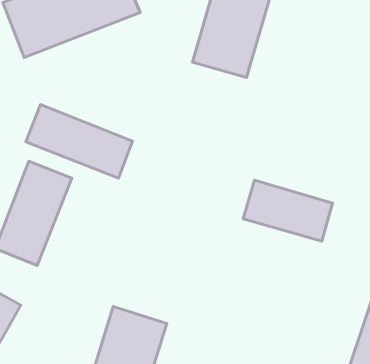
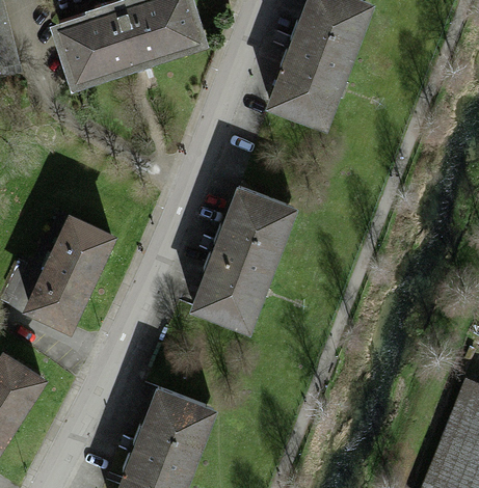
building: [26,104,133,178] -> none
building: none -> [189,186,297,334]
building: [243,180,333,241] -> none

